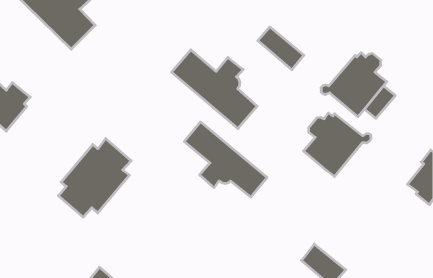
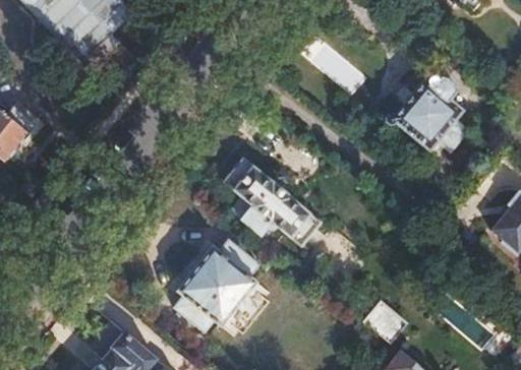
building: [172,50,257,129] -> none
building: [303,113,371,177] -> none
building: [58,138,131,217] -> [172,239,258,332]

